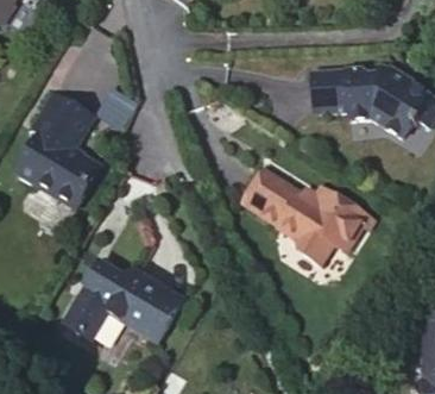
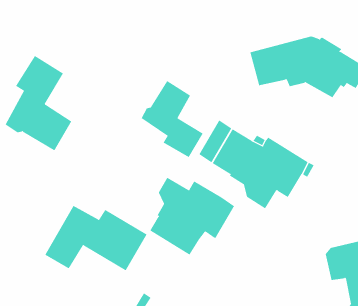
building: none -> [141,80,203,158]
building: none -> [149,177,235,255]

